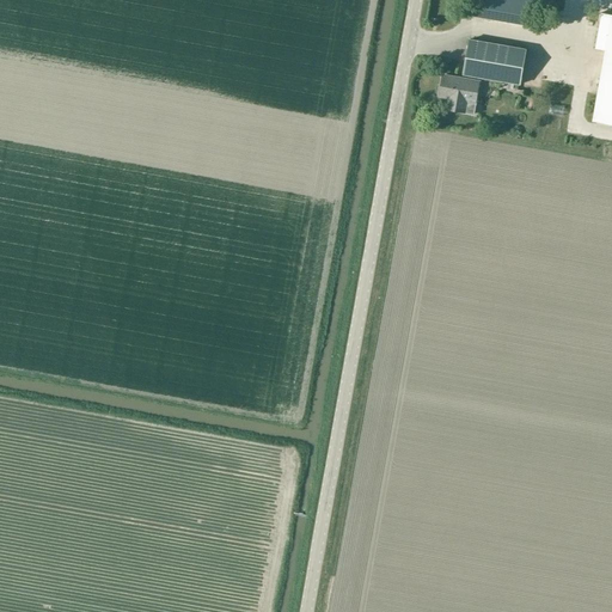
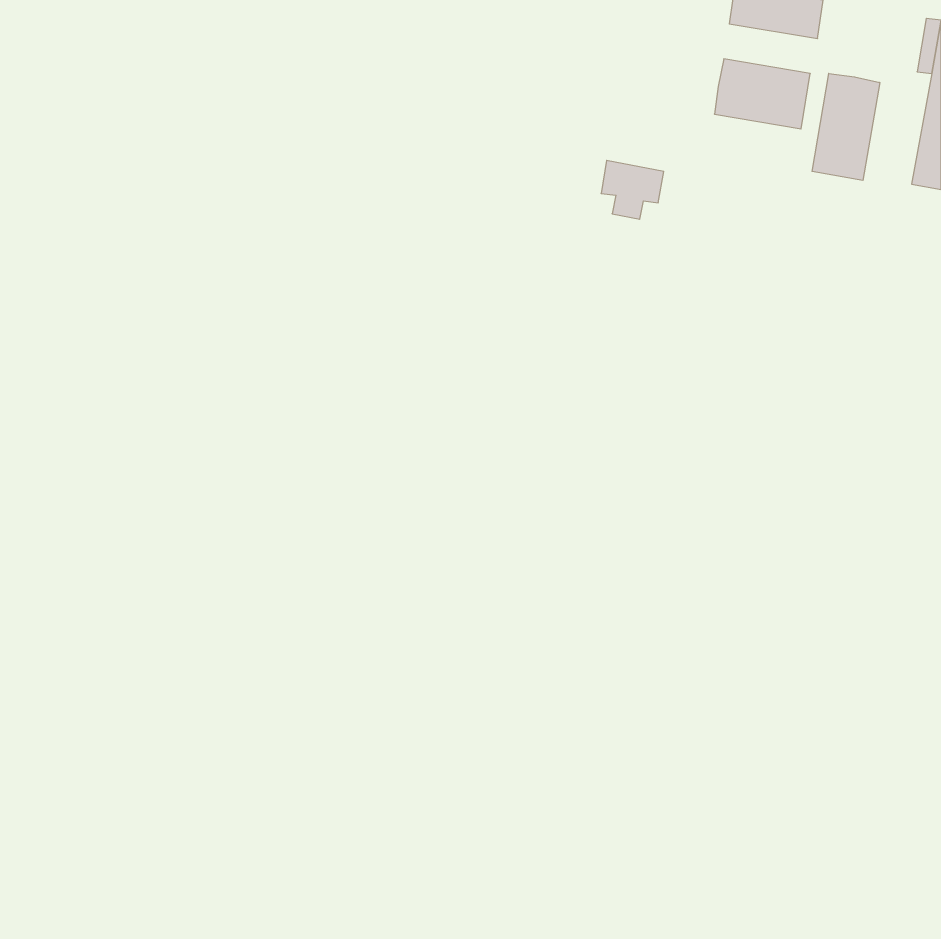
building: none -> [812,73,880,180]
building: [439,74,479,112] -> [601,160,664,219]

